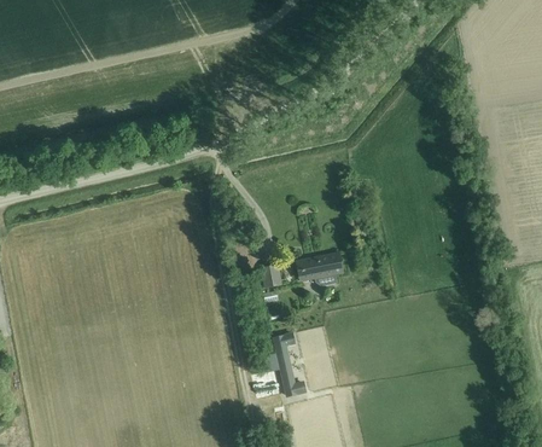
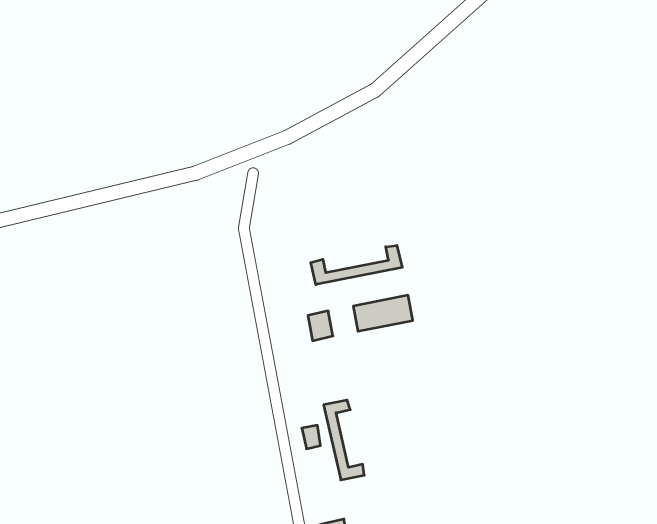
building: none -> [311,245,402,285]

